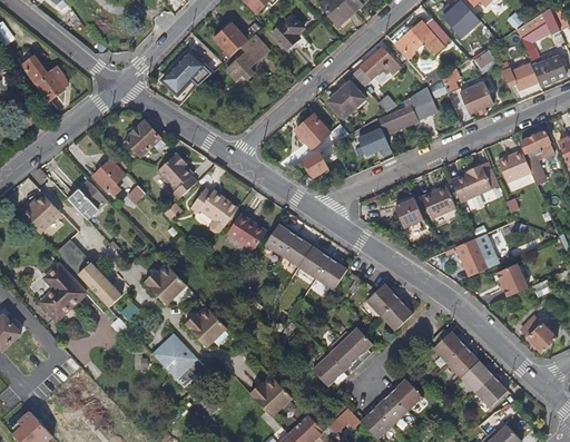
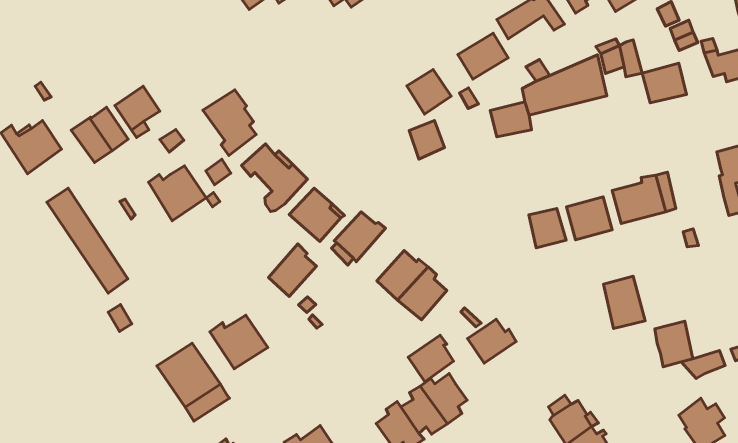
building: [124,120,165,155] -> none
building: [497,149,530,181] -> none
building: [279,232,312,269] -> [268,244,316,297]
building: [37,262,82,316] -> none
building: [145,265,187,305] -> [148,166,206,221]
building: [381,296,413,331] -> [408,335,454,382]

